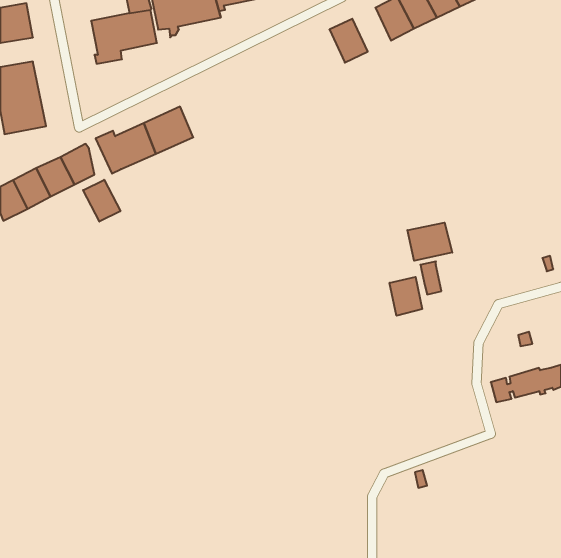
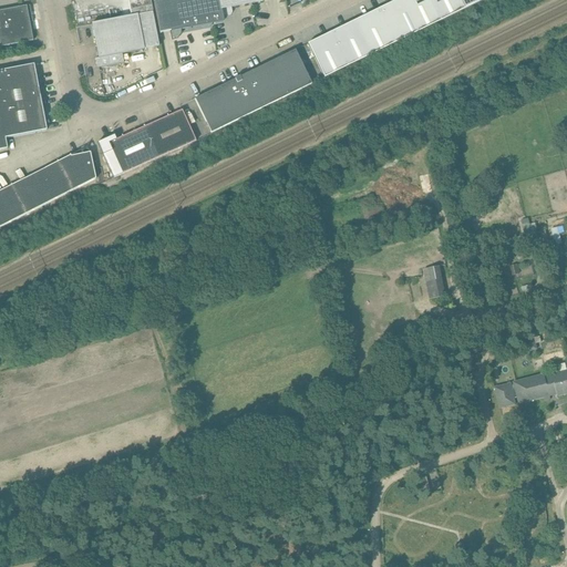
building: none -> [355,8,394,52]
building: none -> [308,30,348,75]
building: none -> [195,48,311,131]
building: [83,180,120,222] -> none
building: [407,223,452,261] -> none
building: [390,277,422,316] -> none

